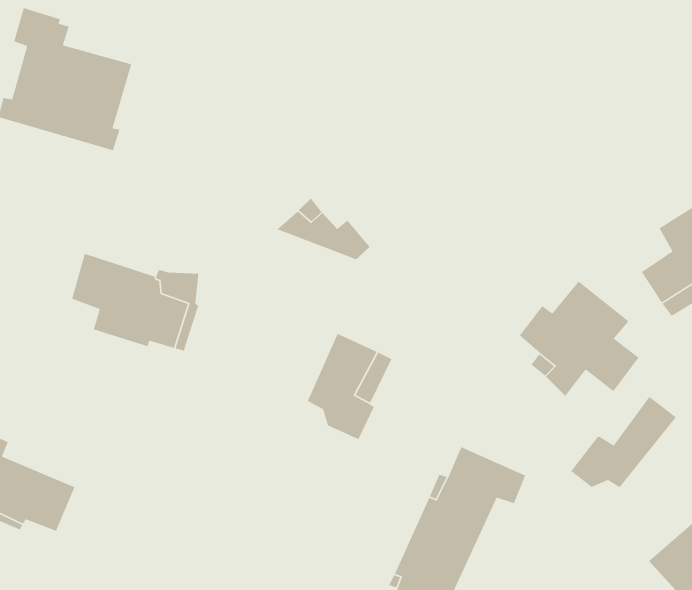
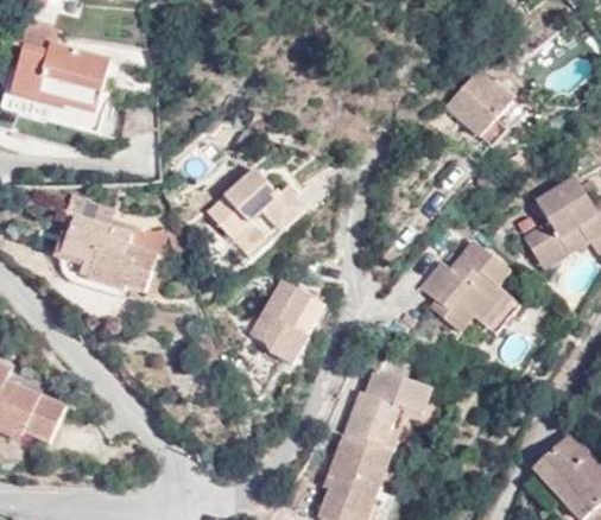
building: none -> [445,62,513,139]
building: none -> [205,195,292,260]
building: [570,396,677,488] -> none

